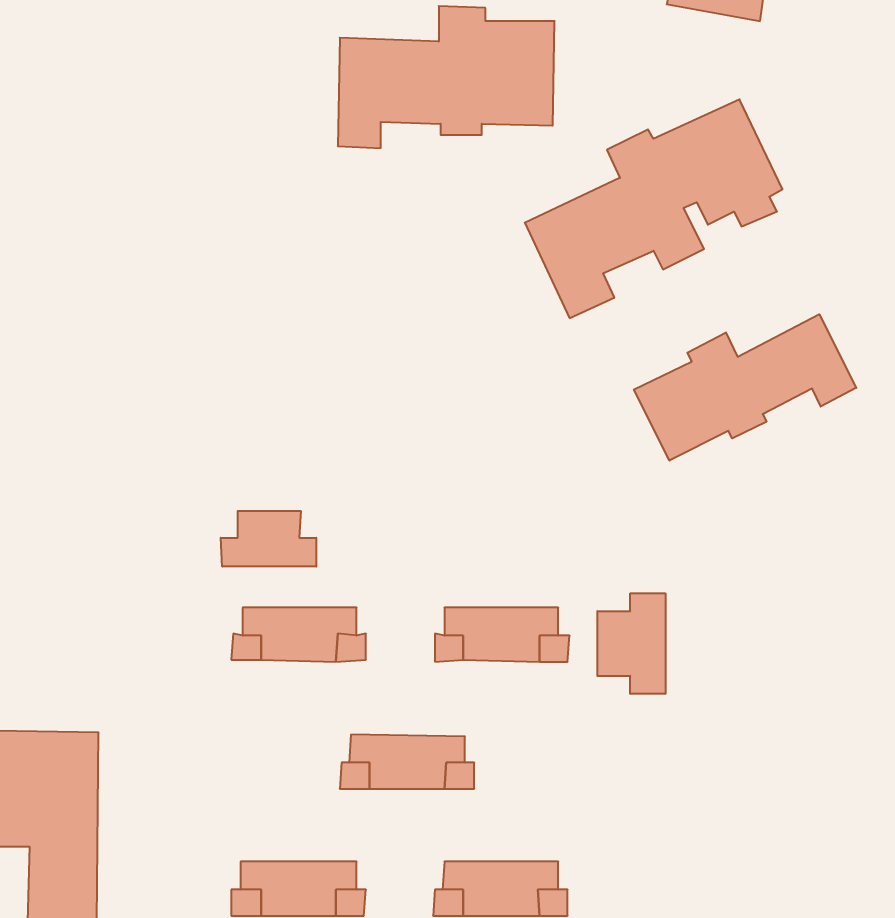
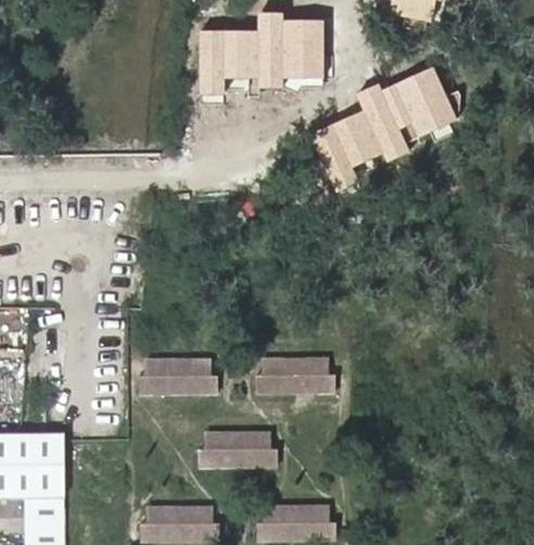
building: [634,314,856,461] -> none
building: [221,511,316,567] -> none
building: [597,593,665,694] -> none

